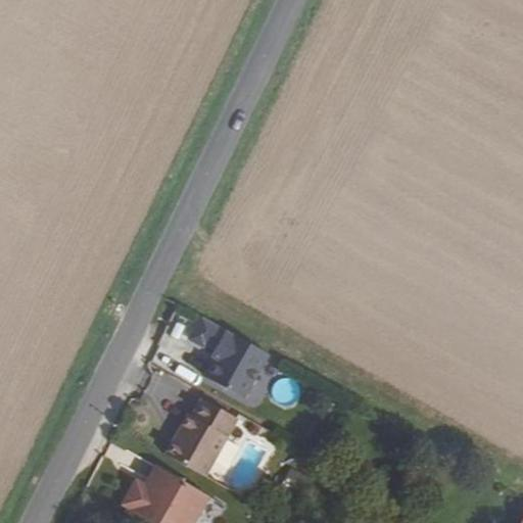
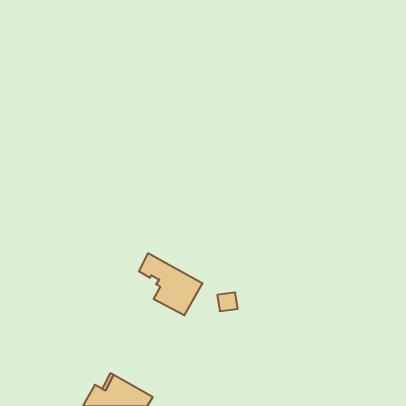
building: [167,399,238,477] -> none

